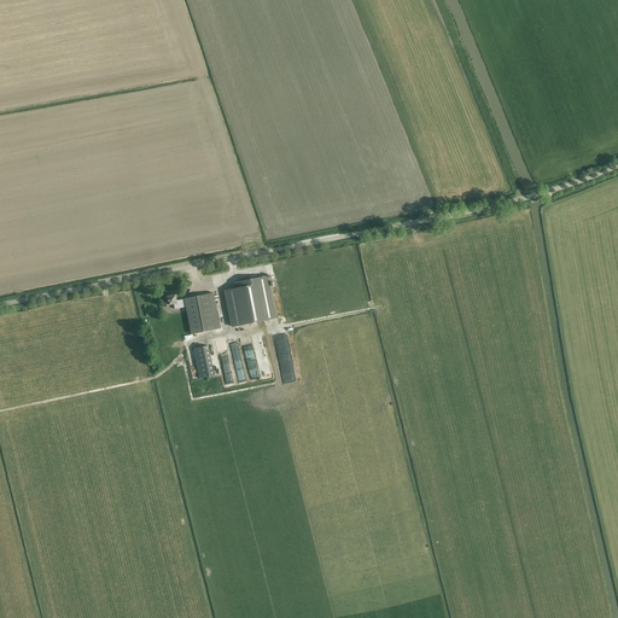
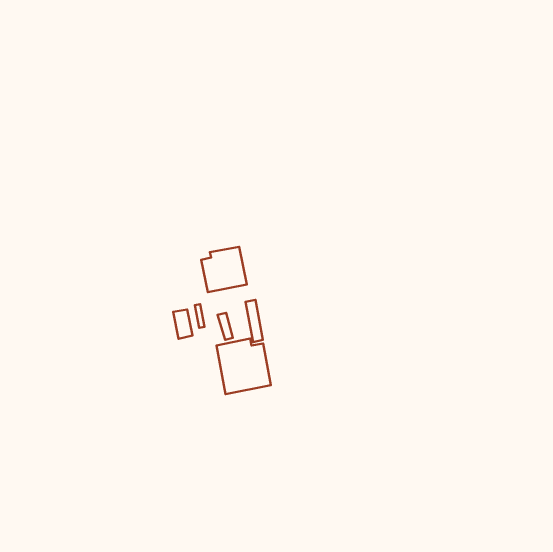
building: [167,292,220,333] -> none
building: none -> [216,339,271,394]

